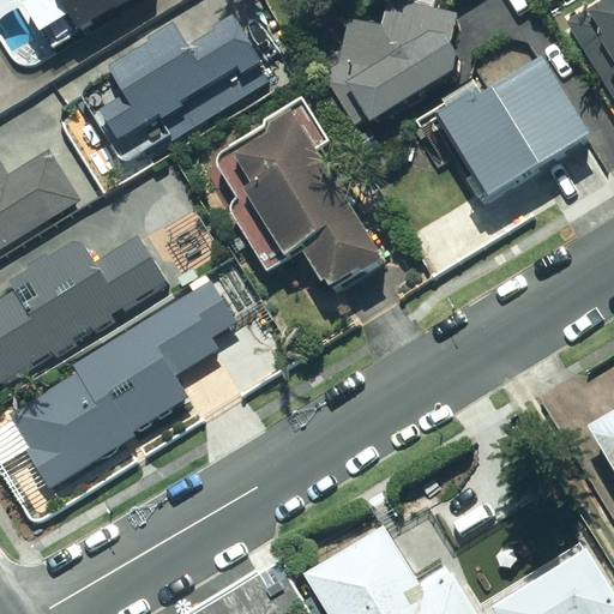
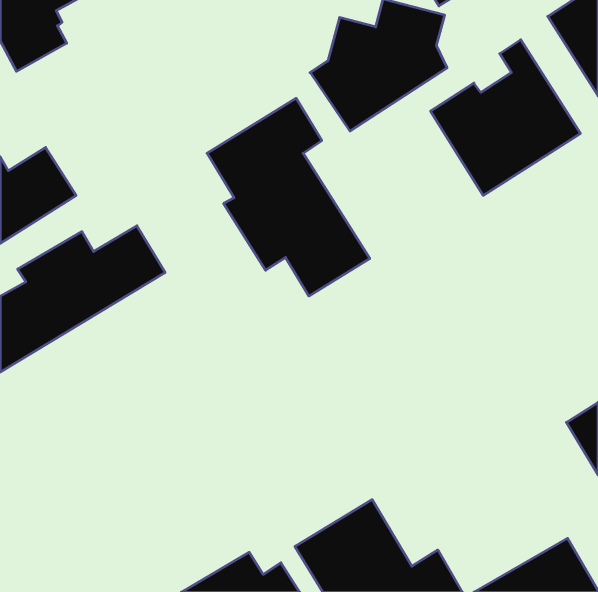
building: [95,8,277,156] -> none
building: [7,278,241,492] -> none

